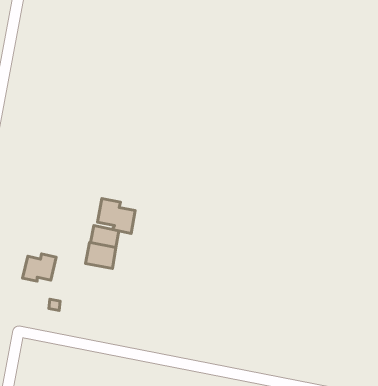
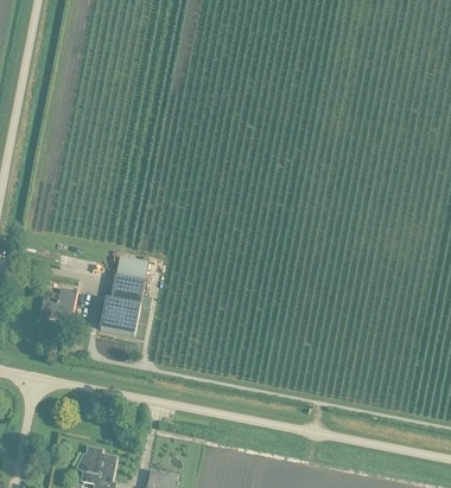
building: [97,198,135,233] -> none
building: none -> [99,296,140,333]

